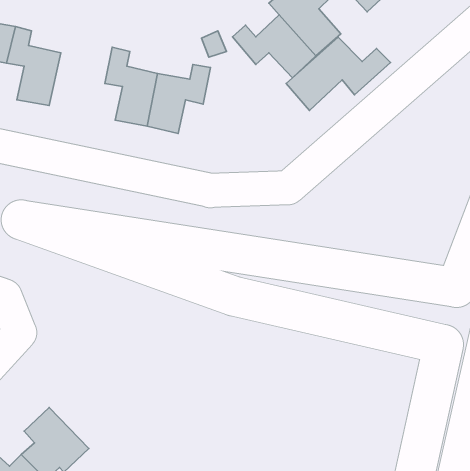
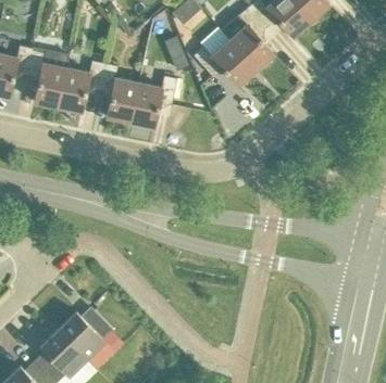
building: [286,37,391,110] -> none
building: none -> [58,61,104,112]
building: none -> [58,309,112,360]

